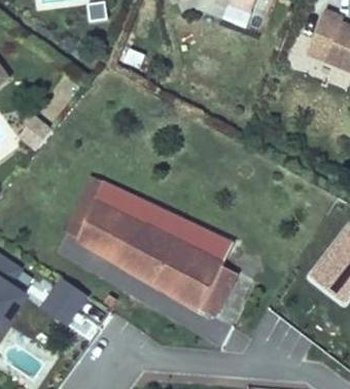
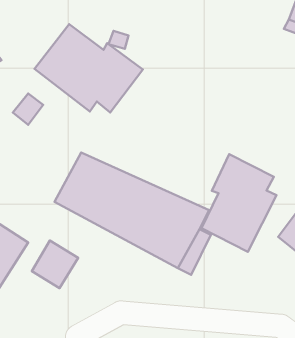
building: none -> [35,24,143,113]
building: none -> [201,154,277,252]

